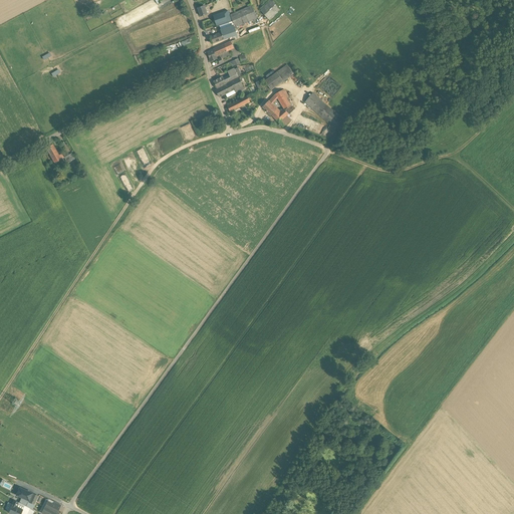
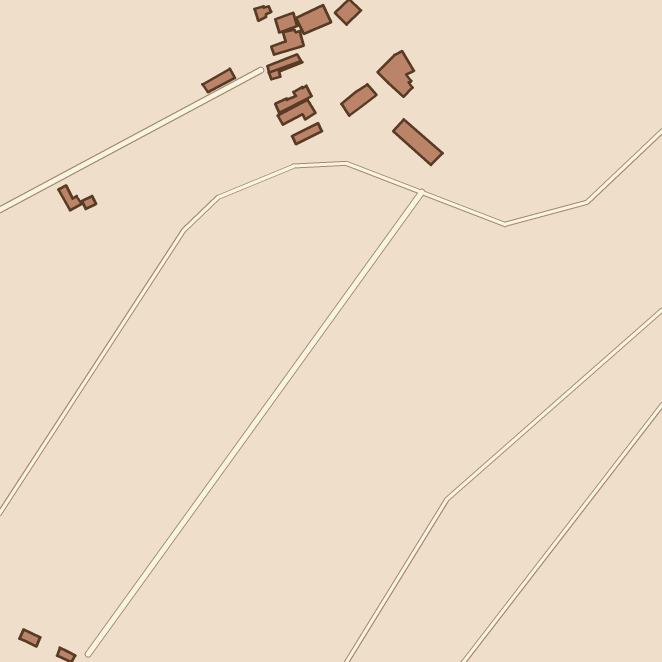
building: [262,90,290,125] -> [378,51,414,97]

